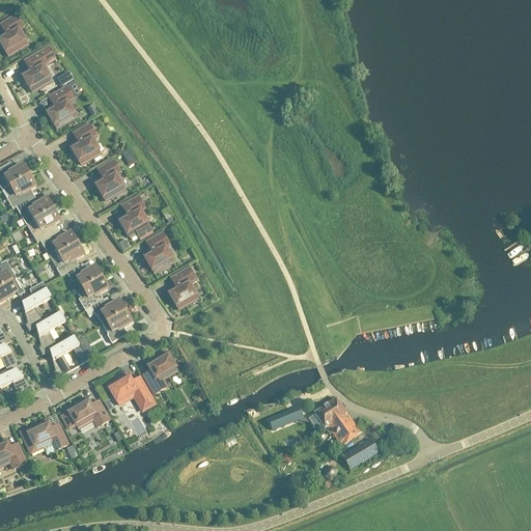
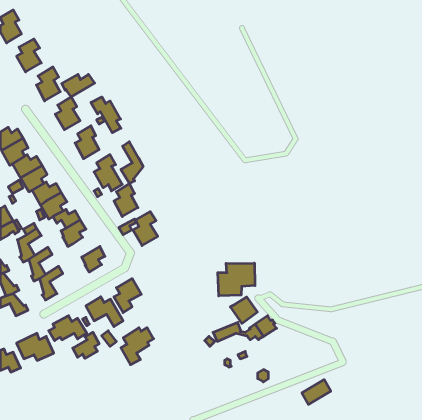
building: none -> [62,74,95,97]
building: none -> [91,97,121,133]
building: none -> [121,142,143,184]
building: [91,296,125,323] -> none
building: none -> [218,263,255,296]
building: none -> [121,328,154,365]
building: [327,412,361,445] -> [230,297,257,323]
building: none -> [73,332,99,358]
building: [342,437,379,468] -> [302,380,331,404]

